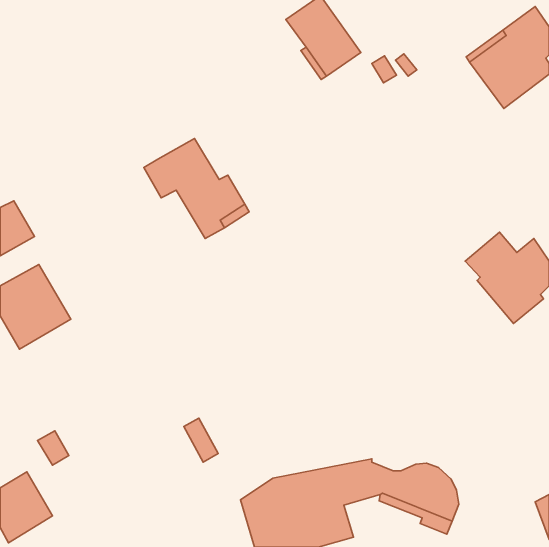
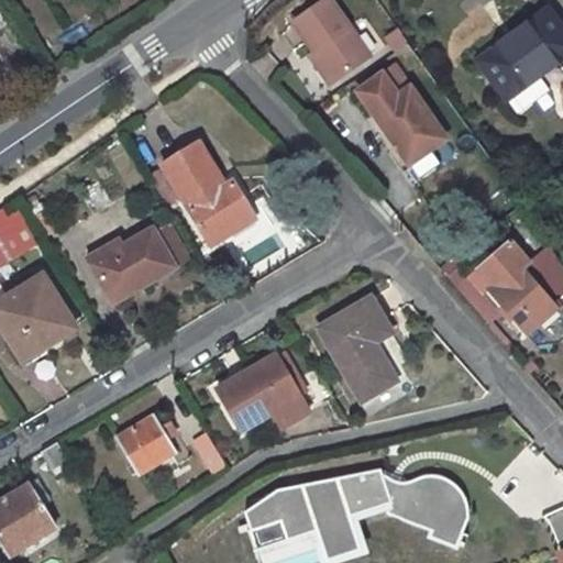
building: none -> [356,71,445,162]
building: none -> [92,221,188,296]
building: none -> [319,298,396,400]
building: none -> [220,360,300,430]
building: none -> [114,415,178,477]

